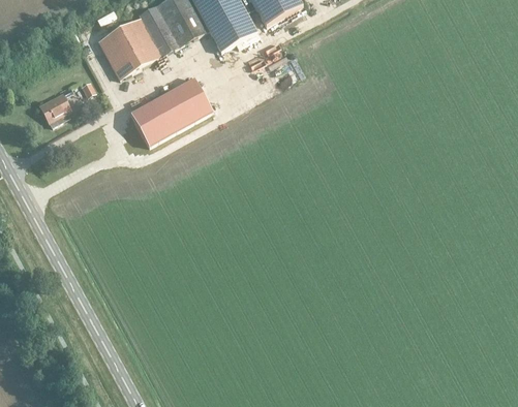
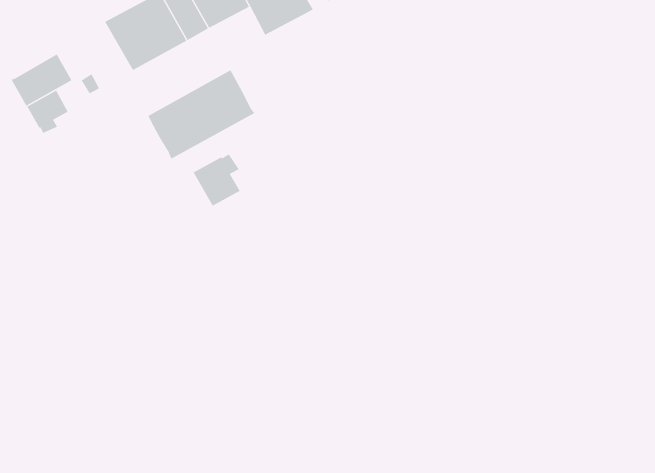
building: none -> [11,53,72,107]
building: none -> [193,153,240,207]

